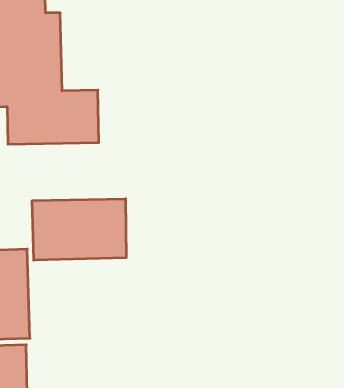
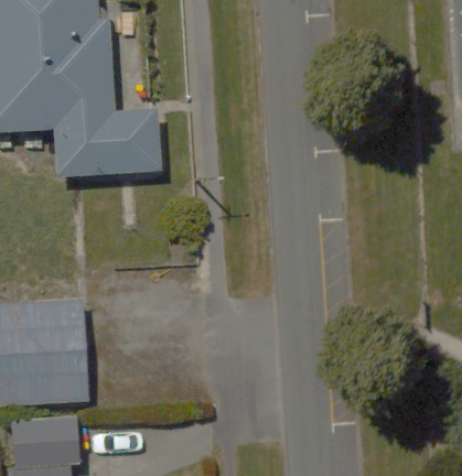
building: [32,199,126,260] -> none

